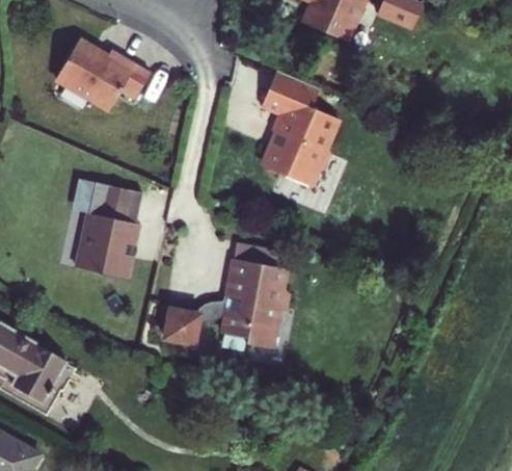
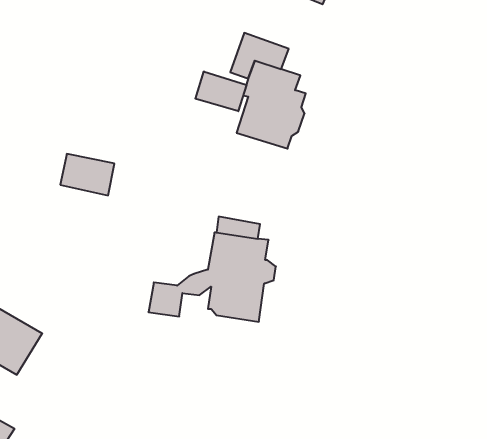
building: [56,44,150,113] -> none
building: none -> [195,71,246,111]
building: [75,215,138,281] -> none

